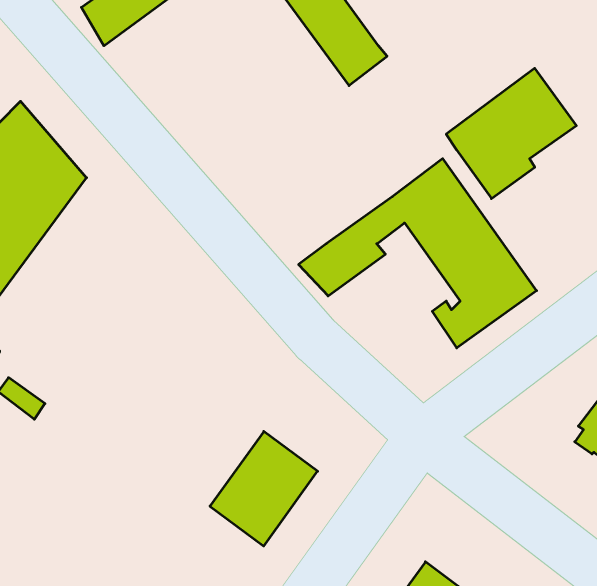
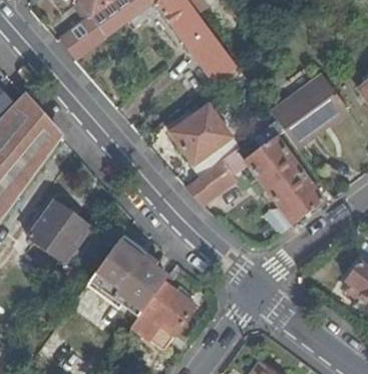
building: none -> [169,103,240,174]
building: none -> [29,201,90,263]
building: none -> [89,232,165,310]

